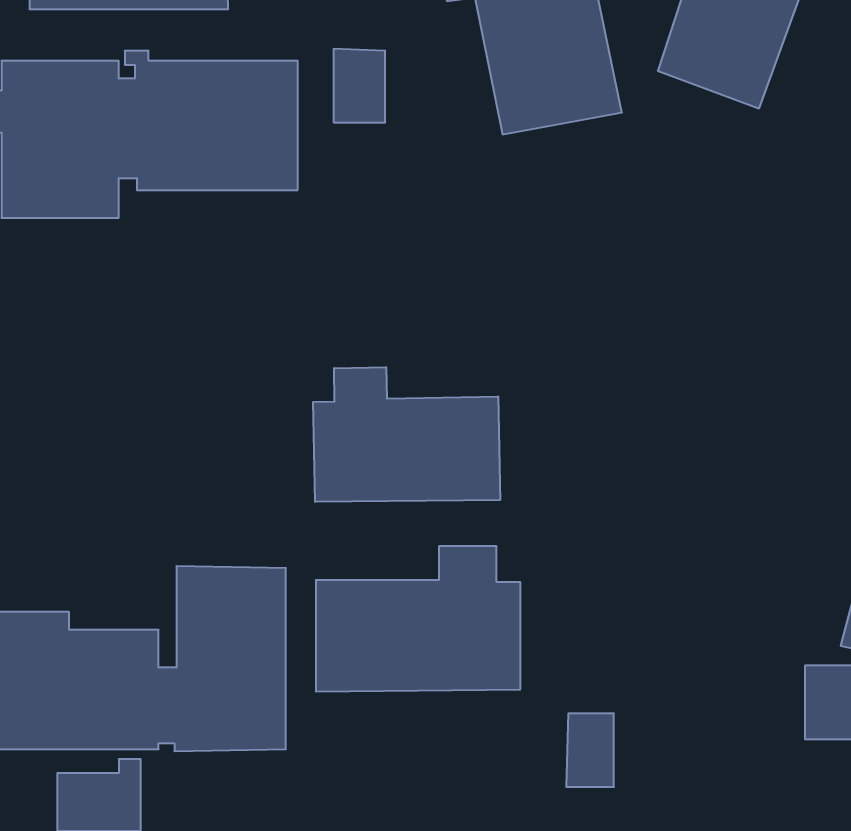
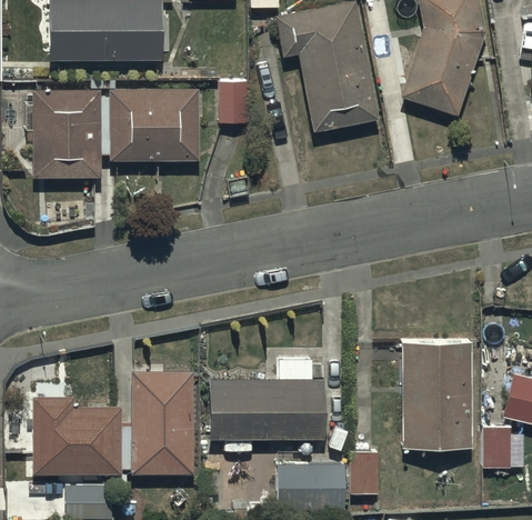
building: [313,367,500,502] -> none
building: none -> [403,342,471,447]
building: none -> [278,467,345,510]

